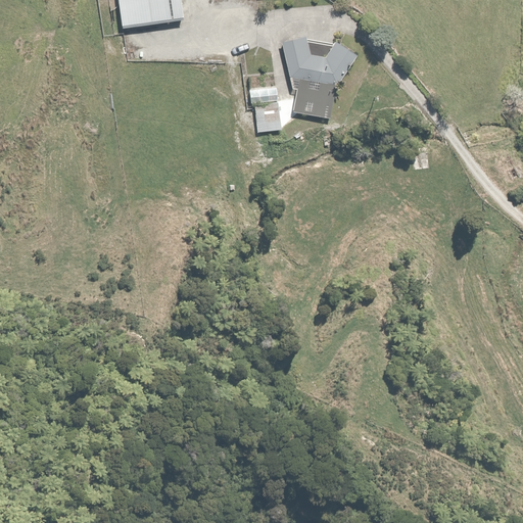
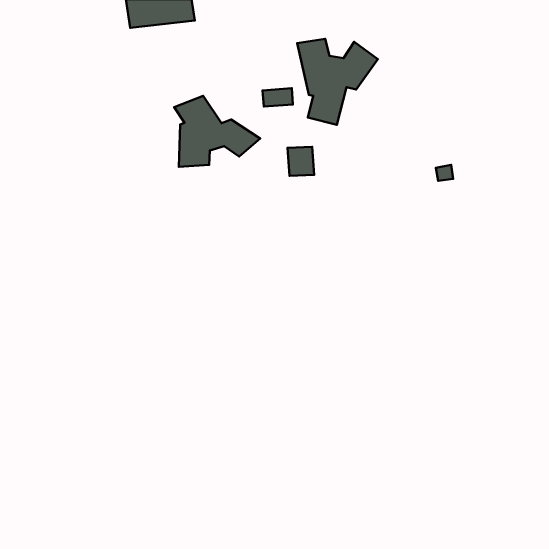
building: none -> [174,96,260,167]
building: [253,103,279,131] -> [287,147,314,176]

